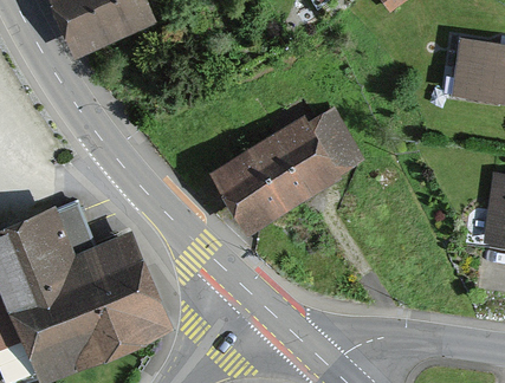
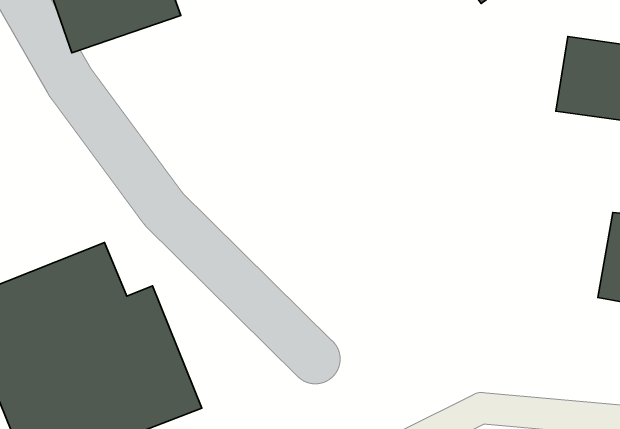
building: [205,104,367,233] -> none

